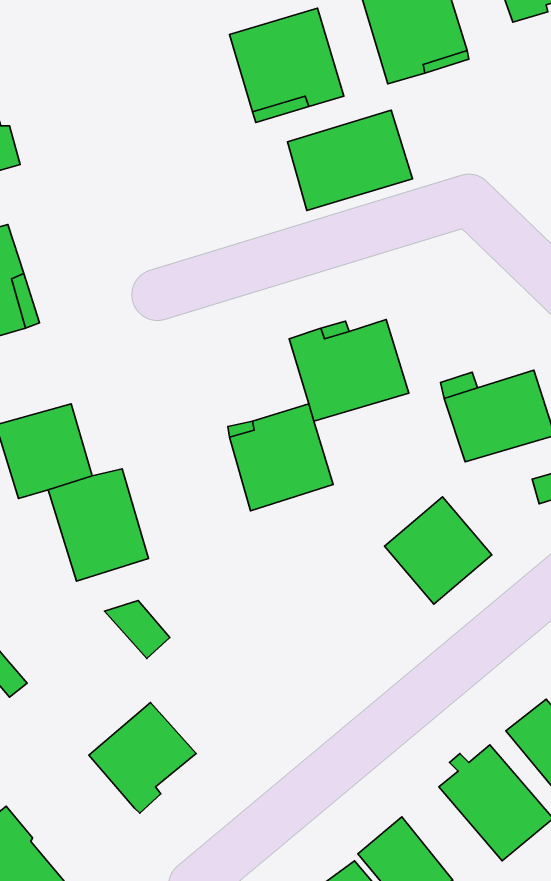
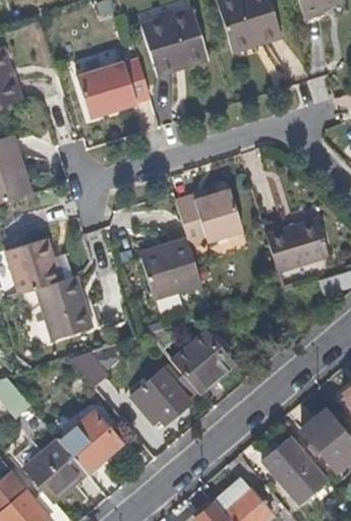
building: [288,110,412,210] -> [78,58,151,116]
building: [384,497,492,604] -> [171,332,233,394]
building: none -> [130,364,189,423]
building: none -> [24,439,86,501]

